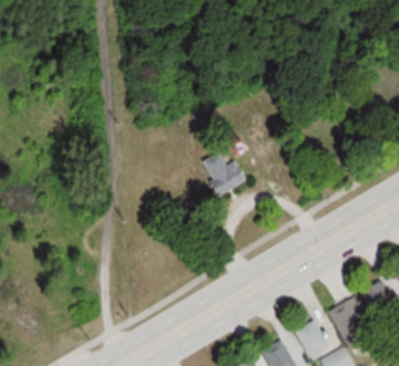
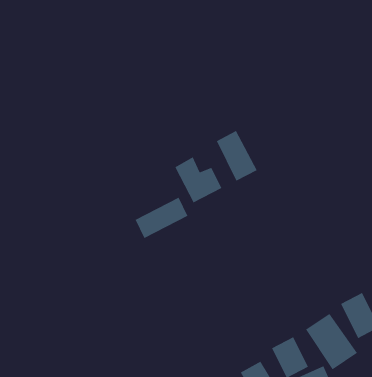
building: none -> [216,130,258,181]
building: none -> [135,197,188,239]

